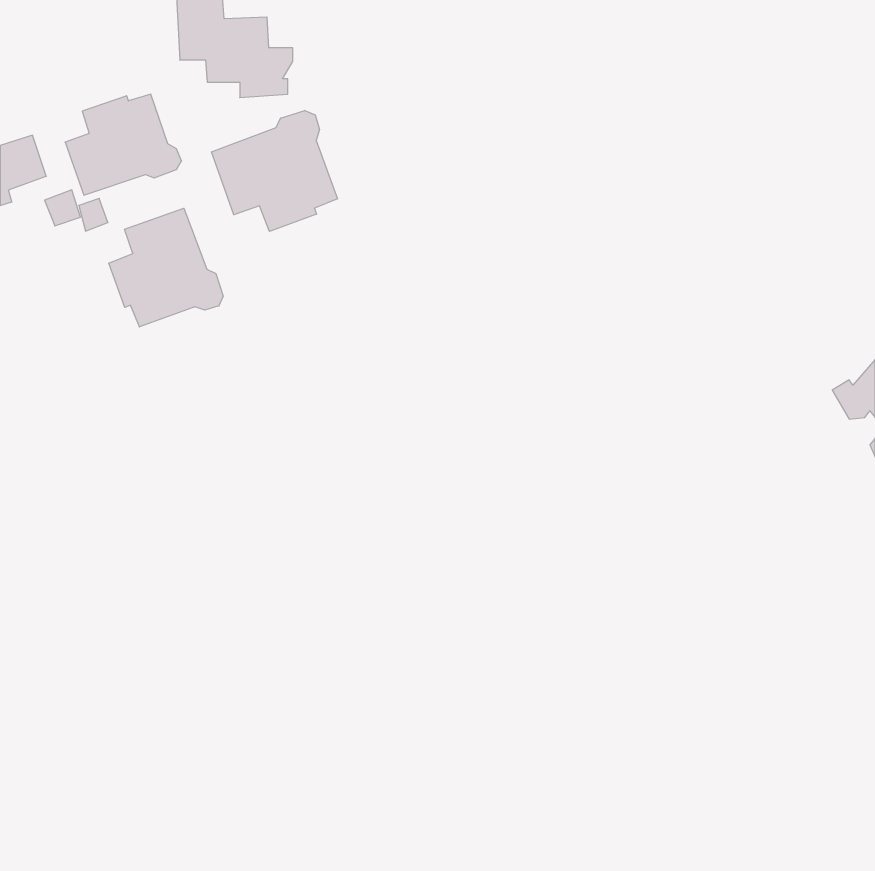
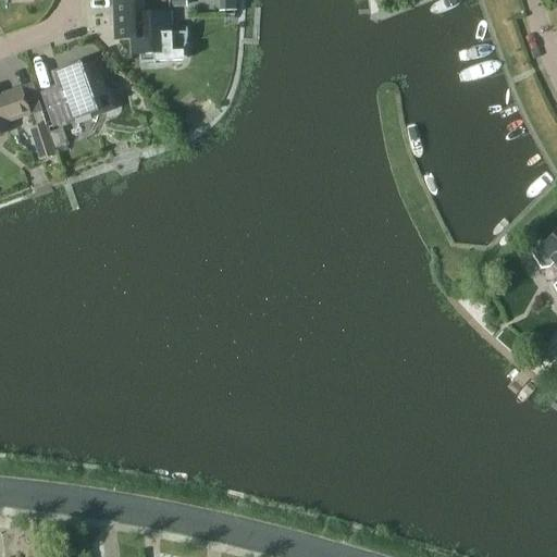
building: [211,110,337,231] -> none
building: [109,208,223,327] -> none

